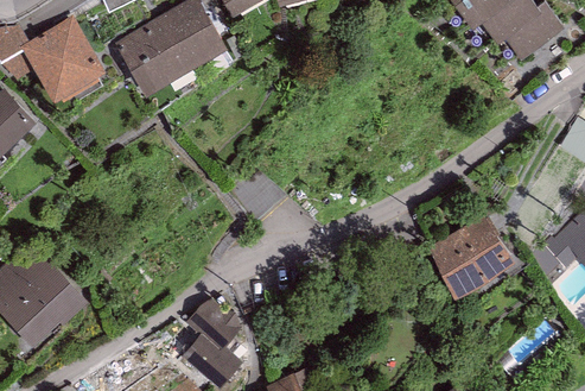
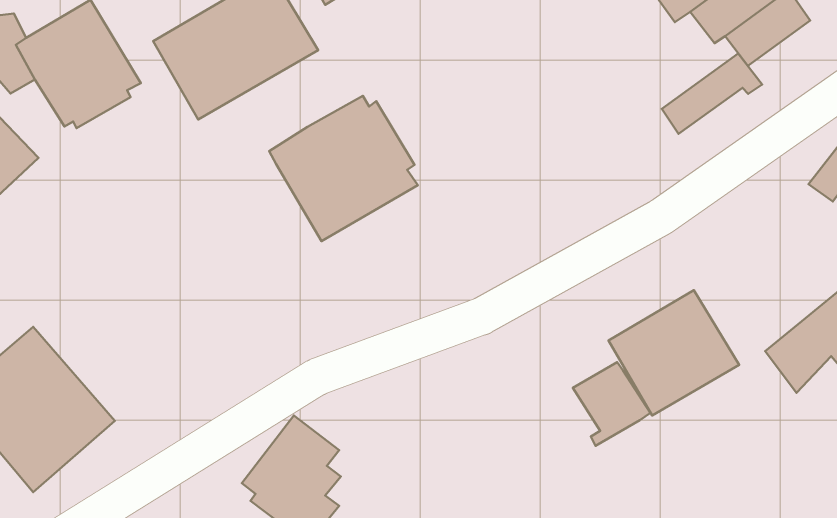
building: none -> [662,53,762,134]
building: none -> [269,96,418,241]
building: none -> [573,362,651,446]

